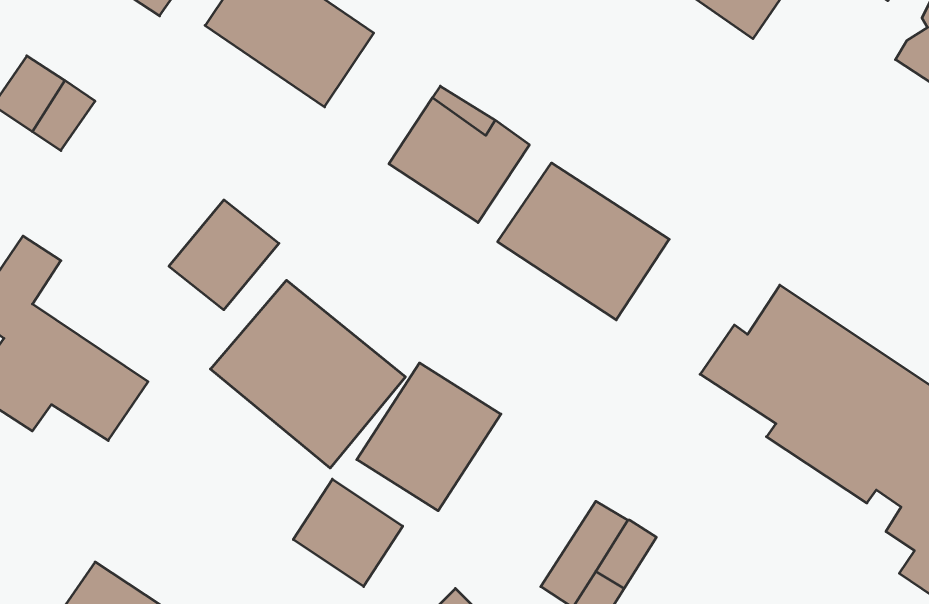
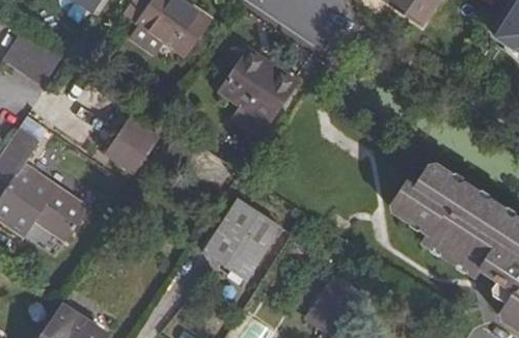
building: [498,163,669,320] -> none
building: [210,280,405,468] -> none
building: [293,479,403,587] -> none

